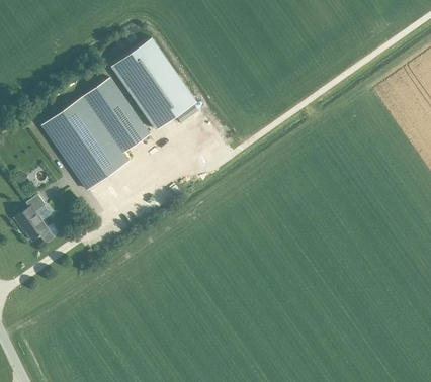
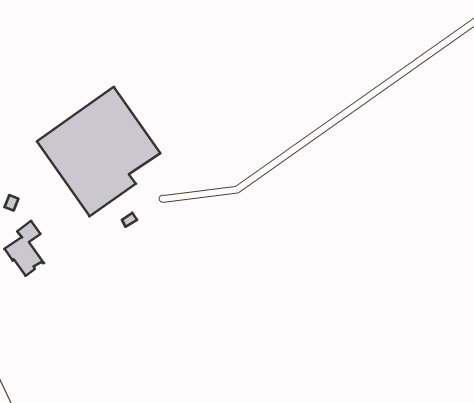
building: [111,37,196,129] -> none

